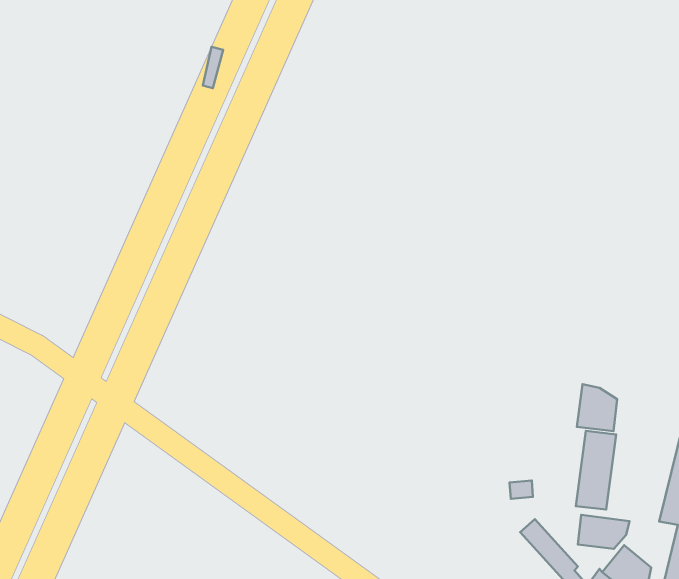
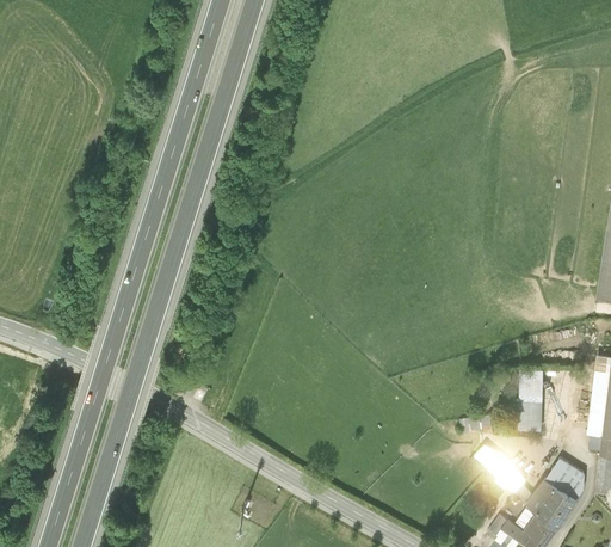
building: [577,384,617,431] -> none
building: [578,515,629,549] -> none

